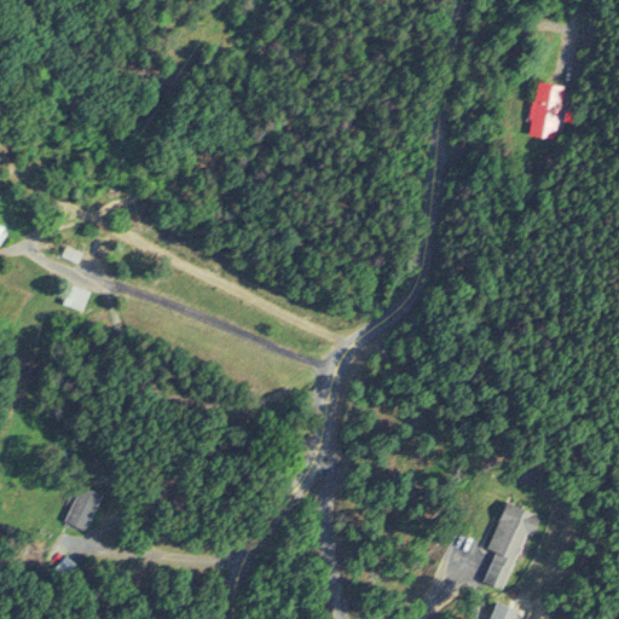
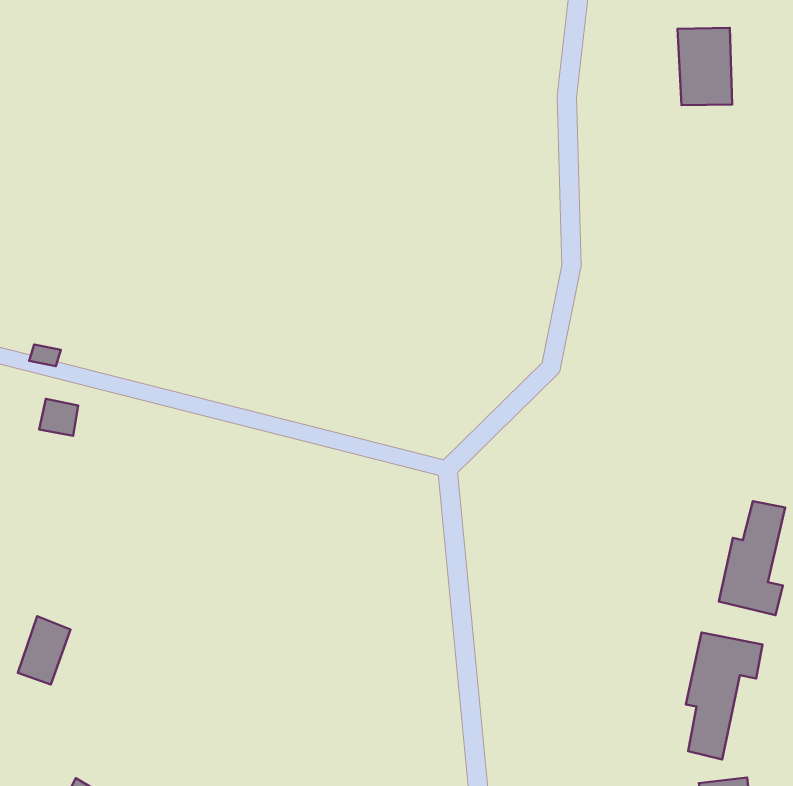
building: none -> [719,501,785,615]
building: [63,485,103,533] -> [18,616,70,684]

